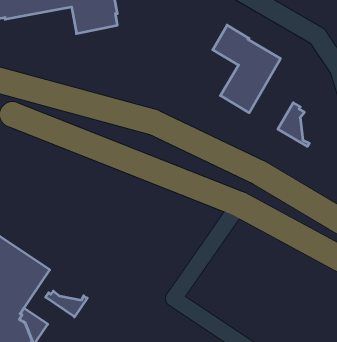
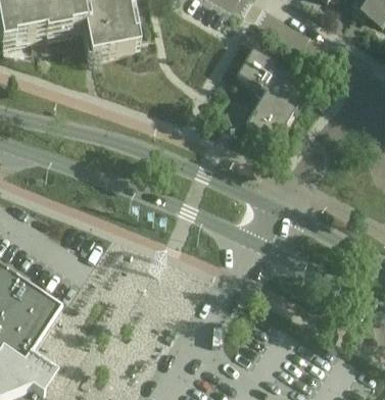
building: [278,103,309,146] -> none
building: [46,291,87,317] -> none

